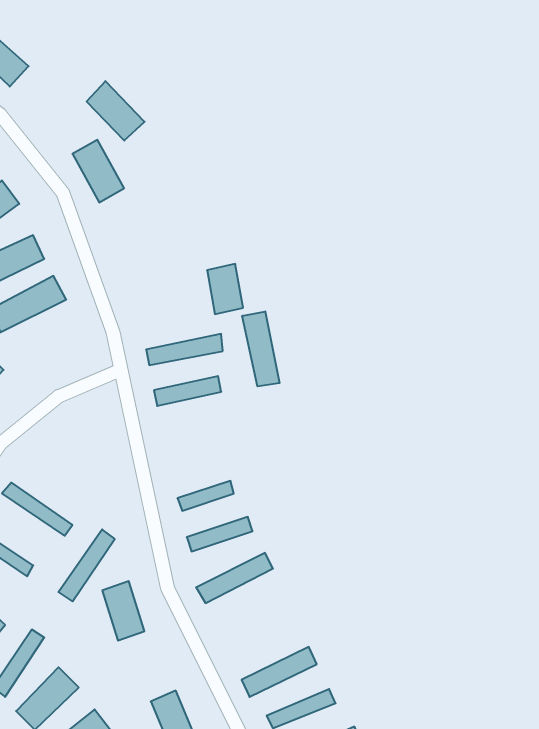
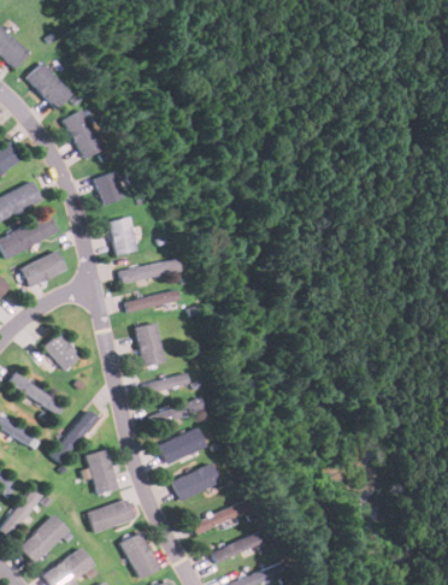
building: [87,81,145,141] -> [26,63,71,108]
building: none -> [94,172,124,205]
building: [207,264,243,314] -> [108,217,136,255]
building: [242,311,280,386] -> none
building: none -> [20,250,66,286]
building: none -> [135,324,165,367]
building: none -> [43,333,81,371]
building: none -> [171,460,230,501]
building: none -> [88,500,134,533]

